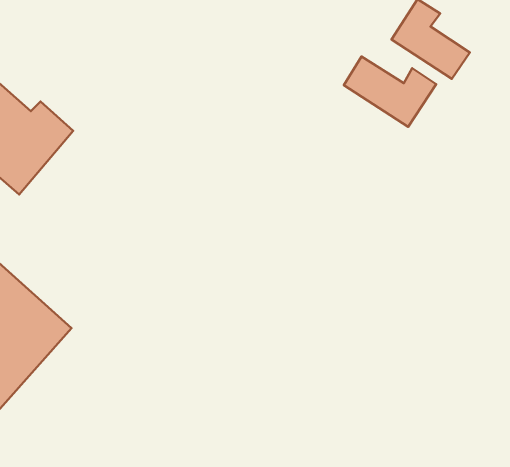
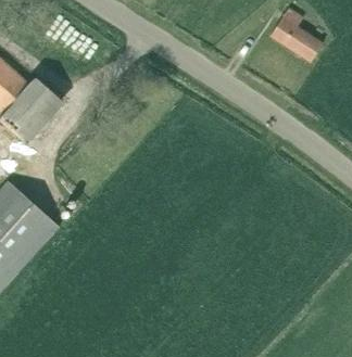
building: [344,57,436,127] -> none

